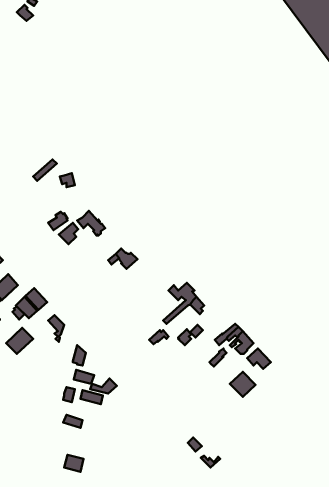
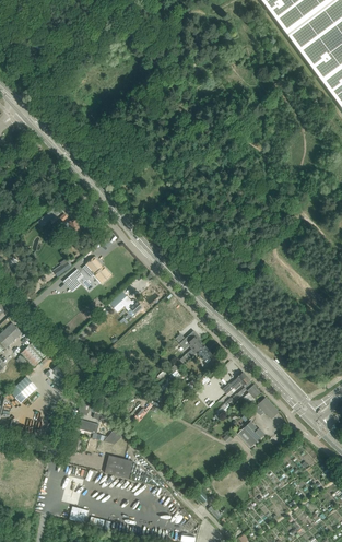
building: none -> [105,455,132,478]

